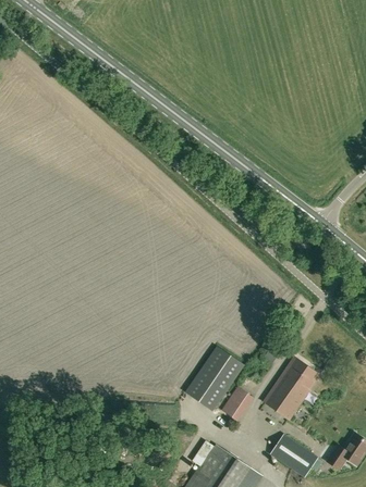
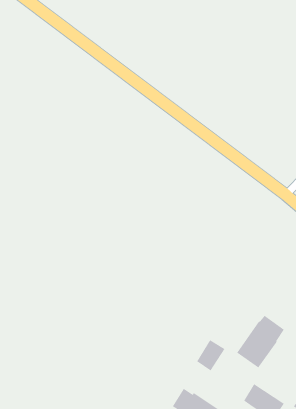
building: [186,346,244,410] -> none

